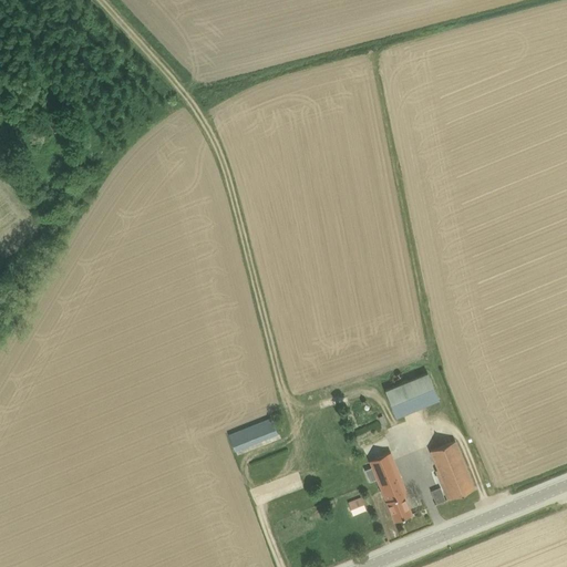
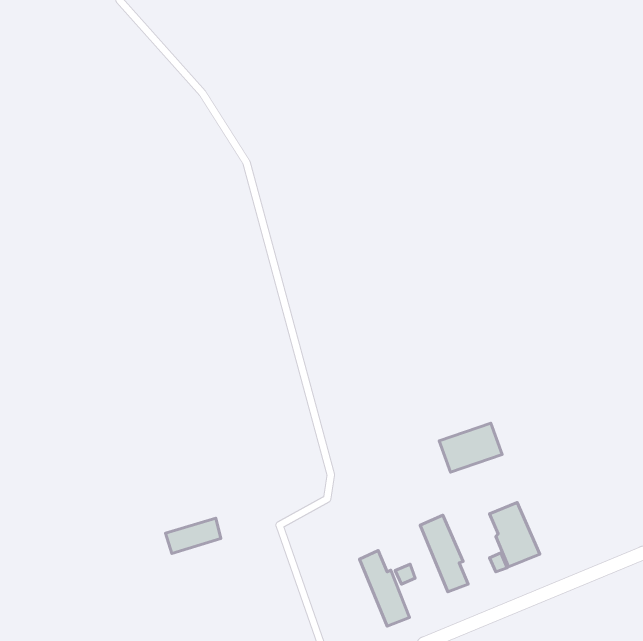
building: [229,420,278,451] -> [165,518,221,553]
building: none -> [359,550,410,626]

